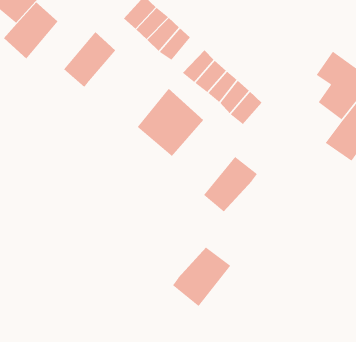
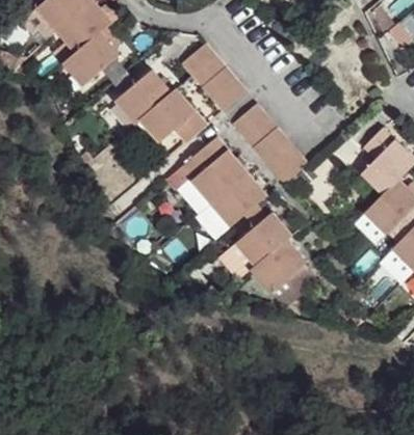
building: none -> [138,89,206,145]
building: none -> [210,172,266,225]
building: [172,247,231,307] -> [247,239,307,296]

